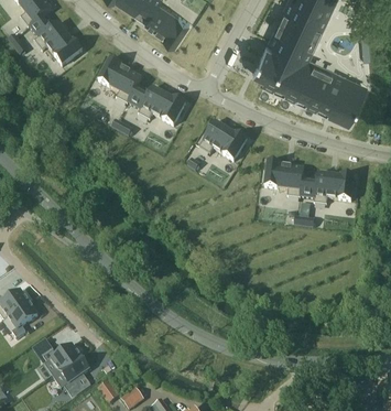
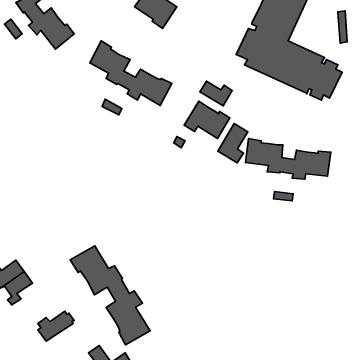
building: none -> [200,81,232,106]
building: none -> [218,123,248,163]
building: none -> [70,246,150,345]
building: [52,356,89,390] -> none

